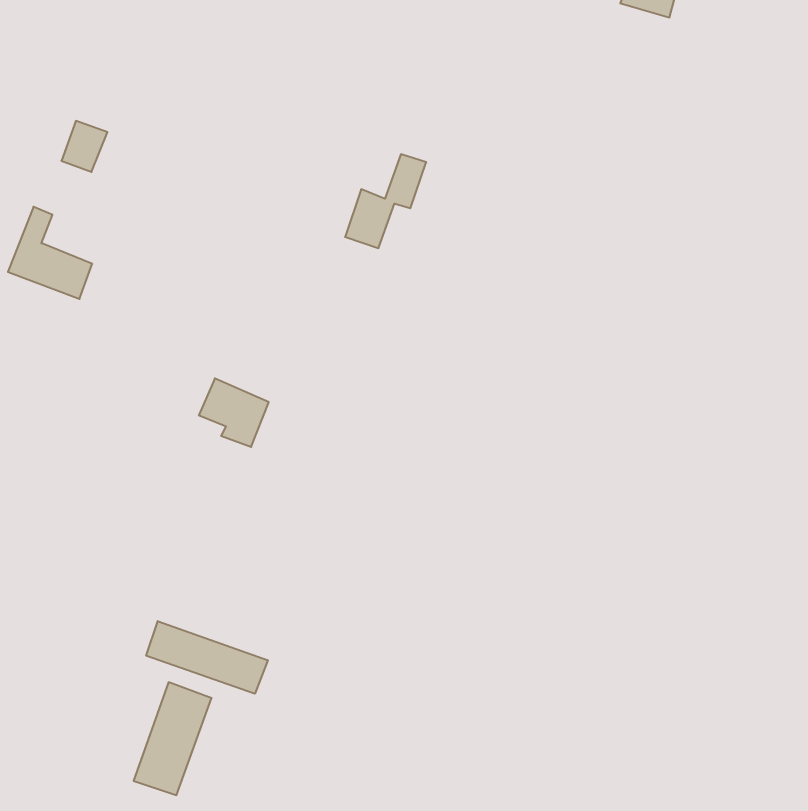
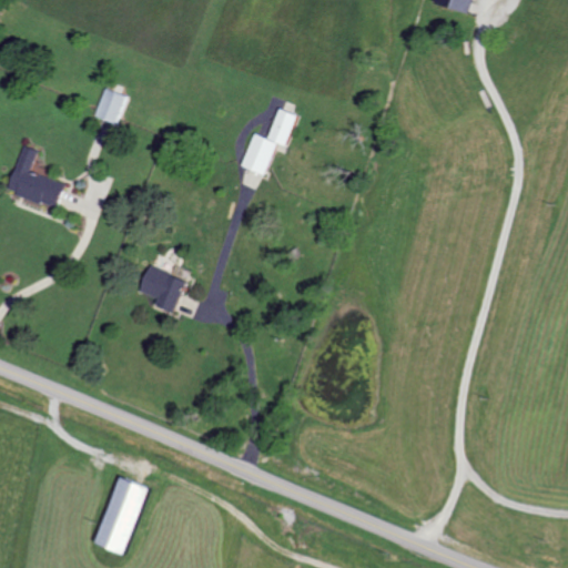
building: [61,121,107,172] -> [93,88,125,123]
building: [146,621,268,694] -> none

